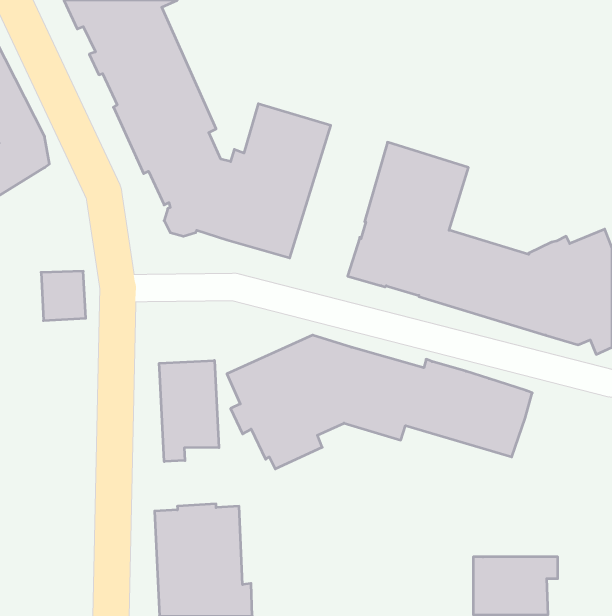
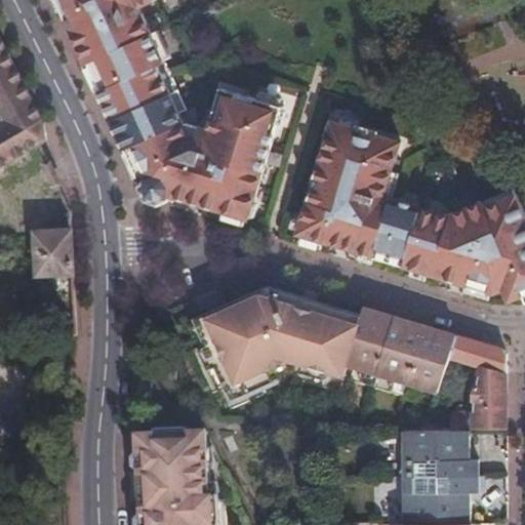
building: [159,360,219,462] -> none
building: none -> [446,334,504,426]
building: none -> [401,426,474,474]

